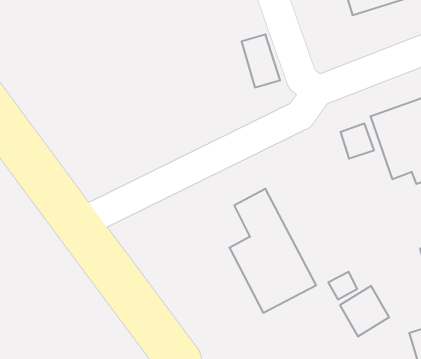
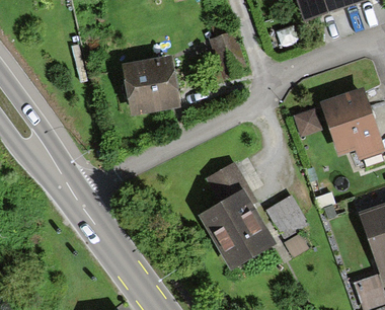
building: none -> [124,57,178,111]
building: [340,286,389,337] -> [267,195,309,237]

